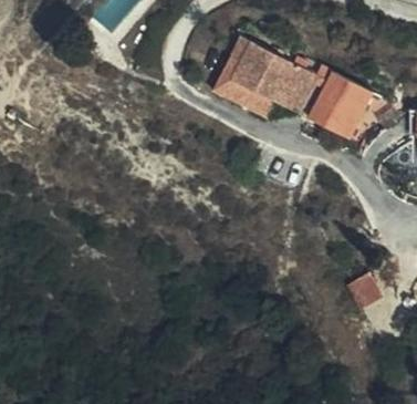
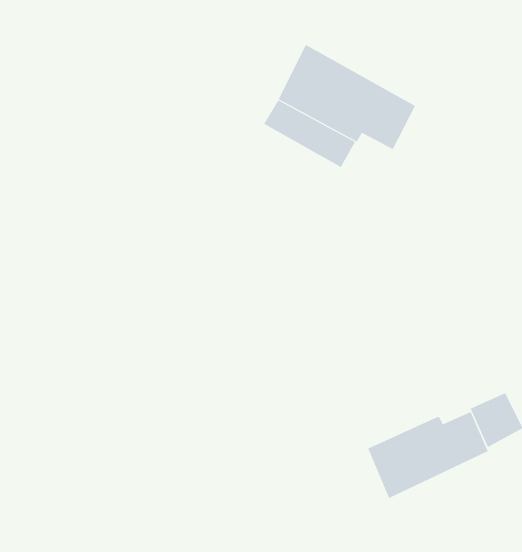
building: [306,77,374,141] -> none
building: none -> [368,411,488,499]

